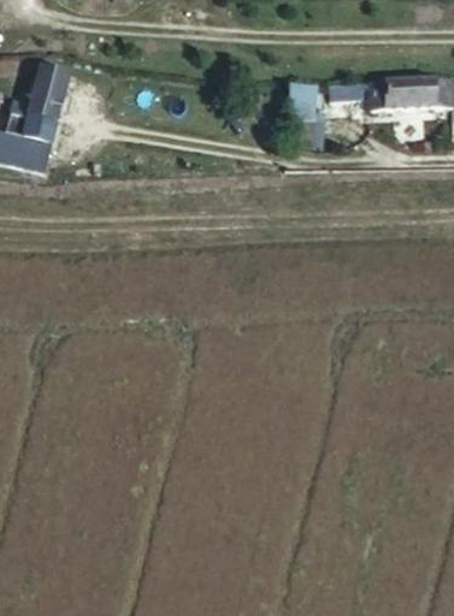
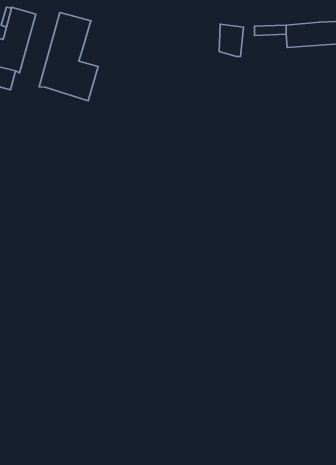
building: none -> [39,13,98,101]

